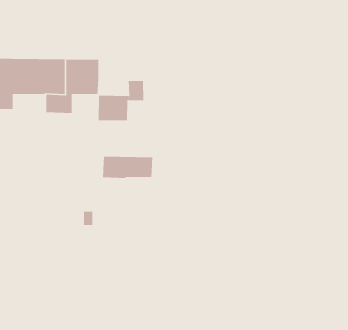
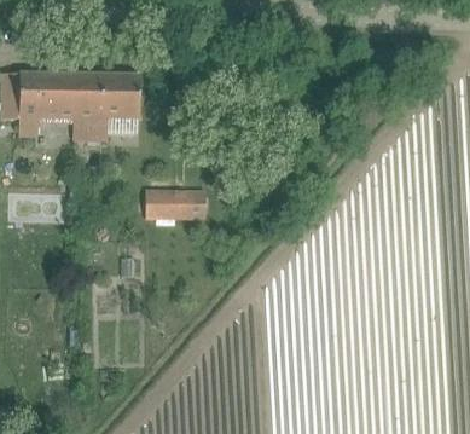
building: [98,80,144,121] -> none

